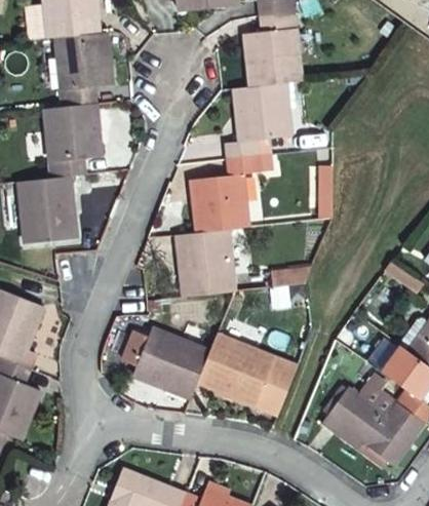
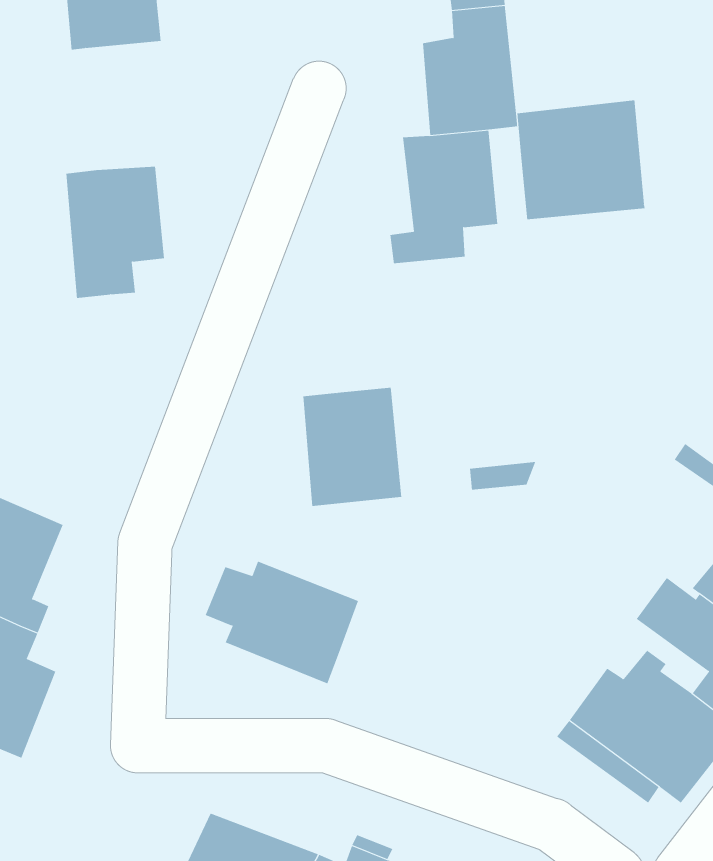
building: [54,32,112,106] -> none
building: none -> [517,99,645,220]
building: [192,155,271,232] -> none
building: [18,177,75,243] -> none
building: [198,335,296,414] -> none

